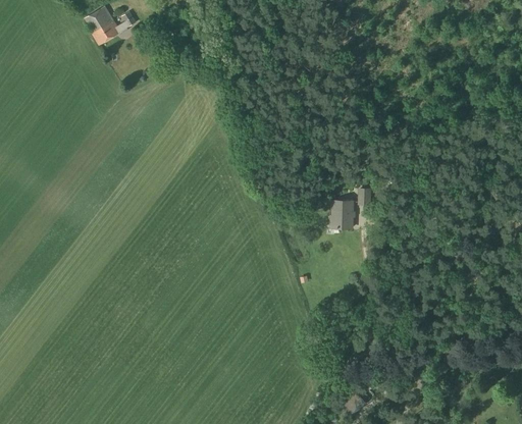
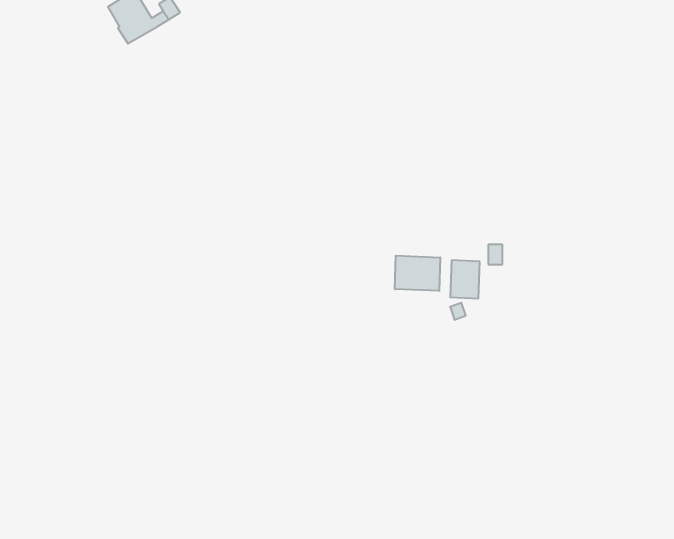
building: none -> [395,256,440,291]

